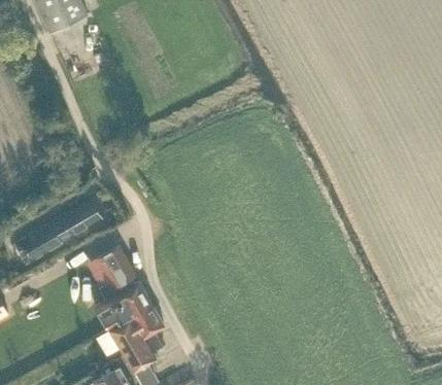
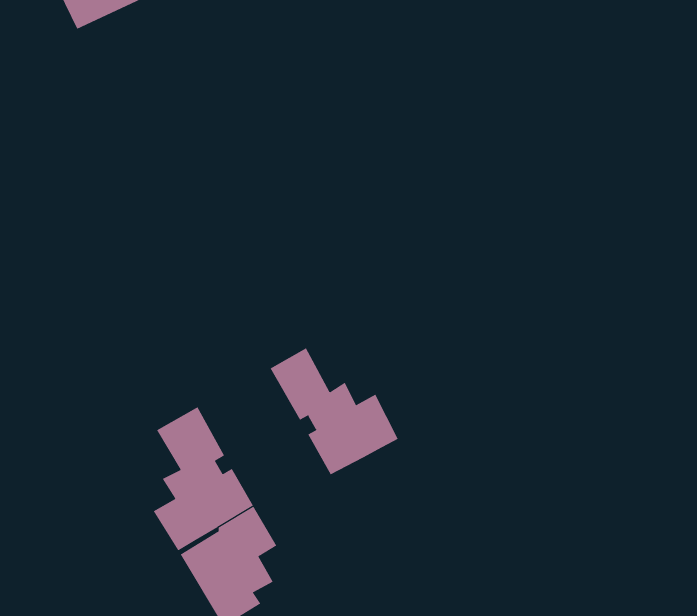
building: [14,201,102,264] -> none
building: none -> [270,348,399,475]

